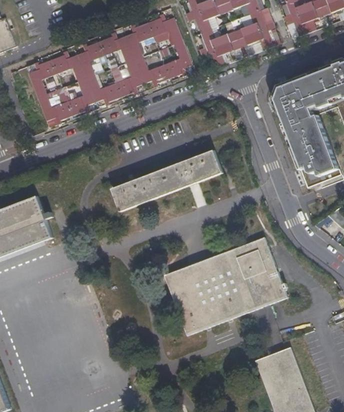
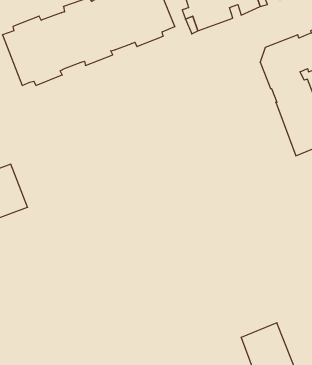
building: [111,150,221,211] -> none
building: [164,237,286,335] -> none

